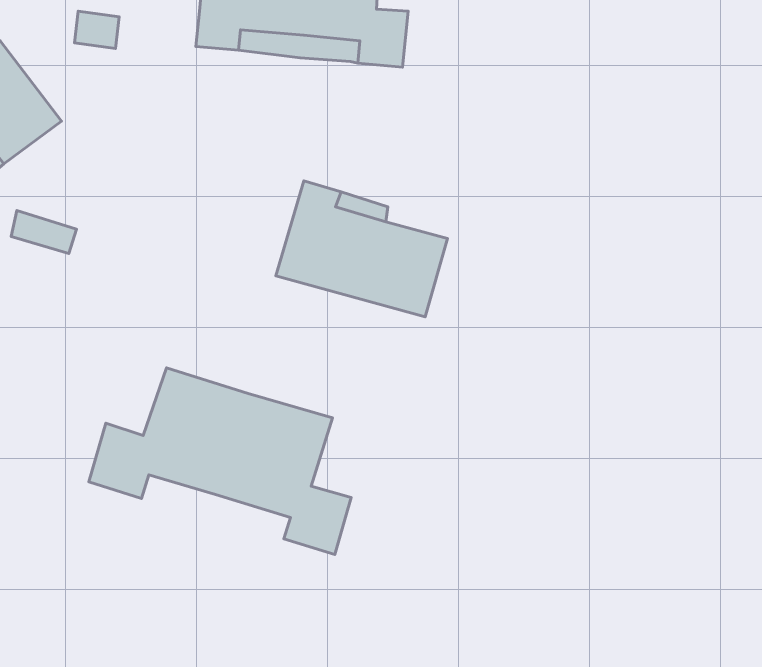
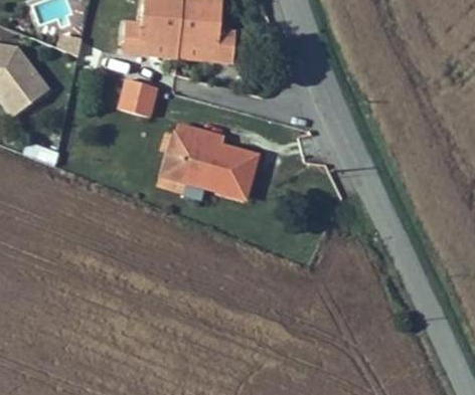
building: none -> [119,77,157,116]
building: [89,368,351,555] -> none

